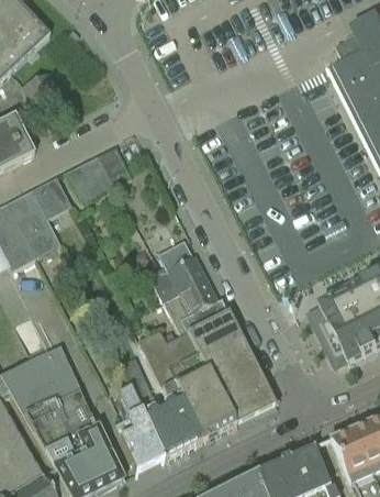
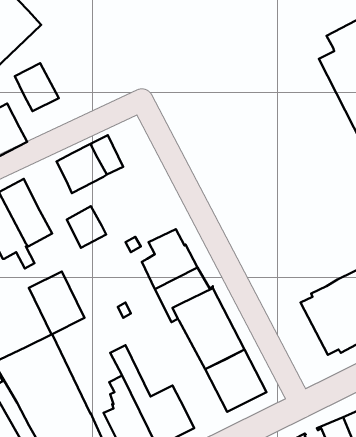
building: [32,174,71,216] -> [67,206,106,248]
building: none -> [29,271,84,334]
building: [139,327,236,438] -> none

